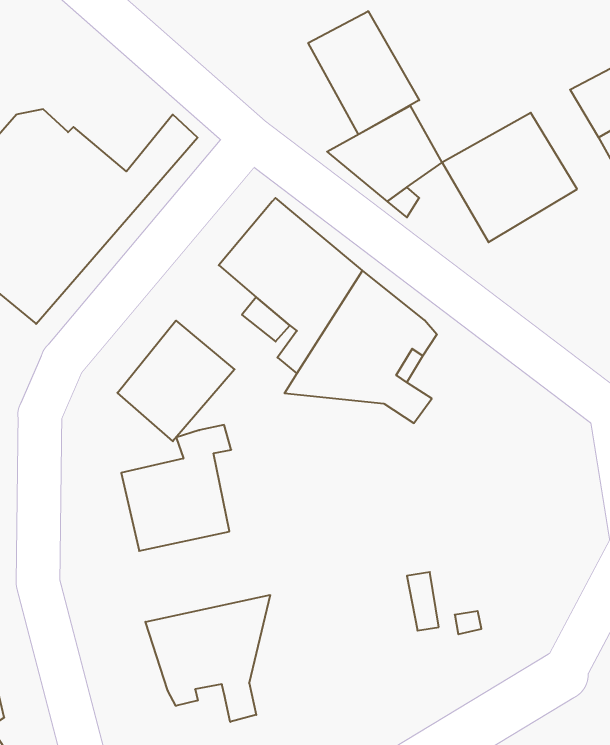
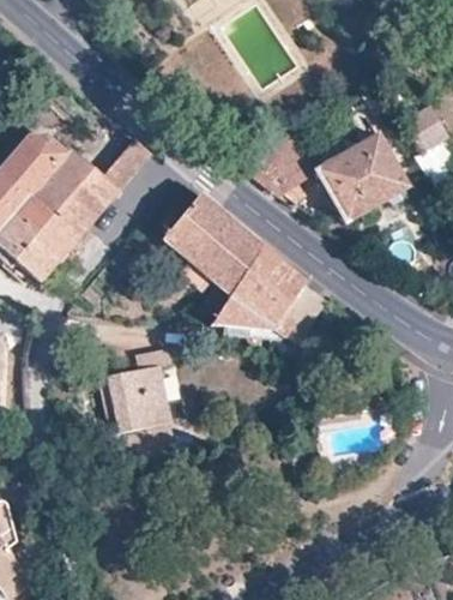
building: [308,11,419,134] -> none
building: [117,321,235,441] -> none
building: [145,595,270,722] -> none

